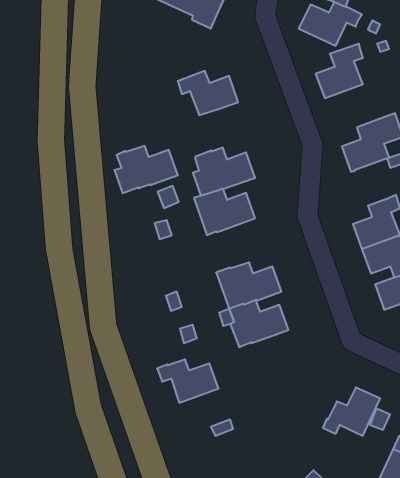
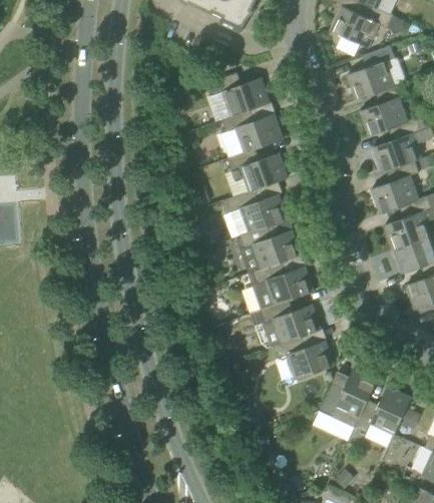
building: none -> [361,82,408,136]
building: [114,146,178,193] -> [221,110,284,157]
building: none -> [372,160,419,213]
building: none -> [236,225,301,273]
building: [157,359,219,403] -> [274,337,335,380]
building: none -> [314,371,377,441]

